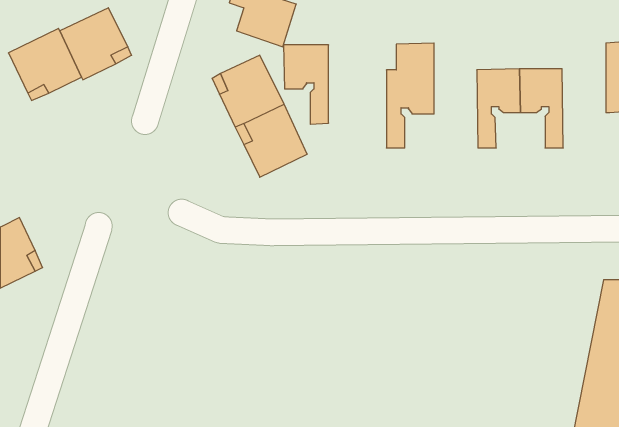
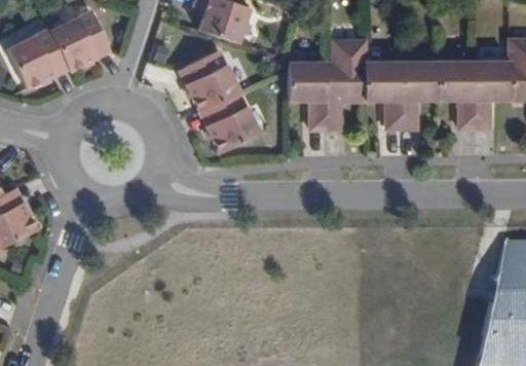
building: [283,45,329,124] -> [288,63,326,130]
building: none -> [474,62,511,129]
building: none -> [366,63,403,129]

